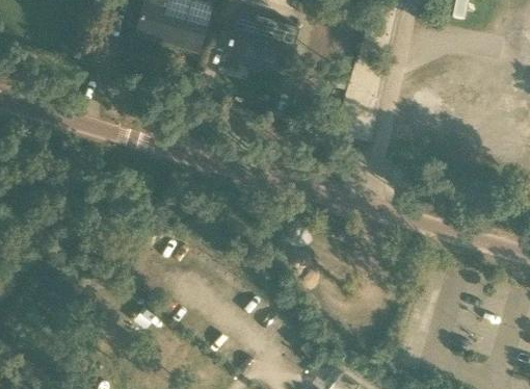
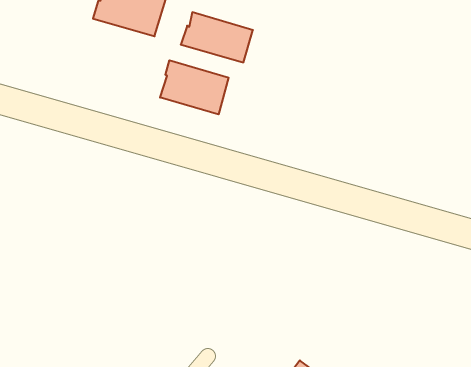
building: none -> [160,60,229,114]

